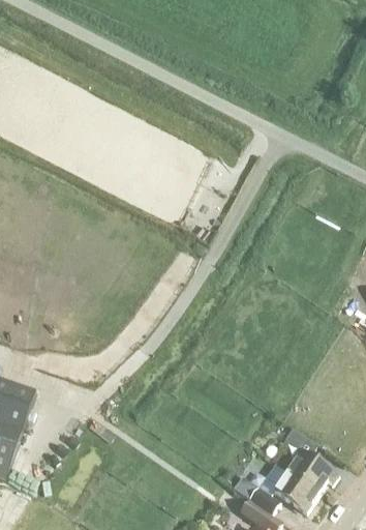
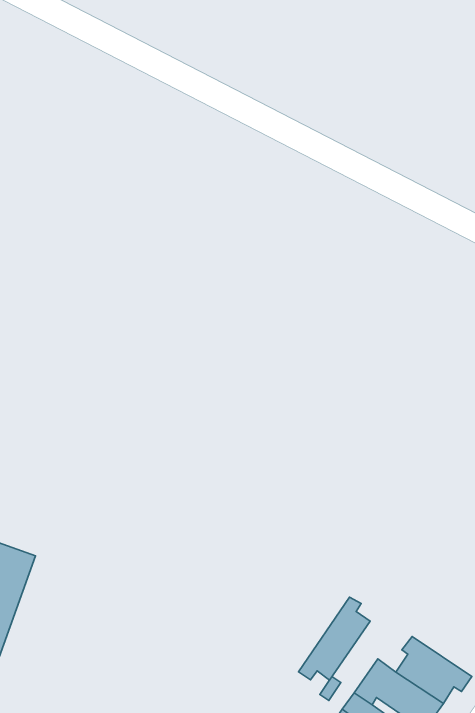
building: none -> [299,597,370,680]

